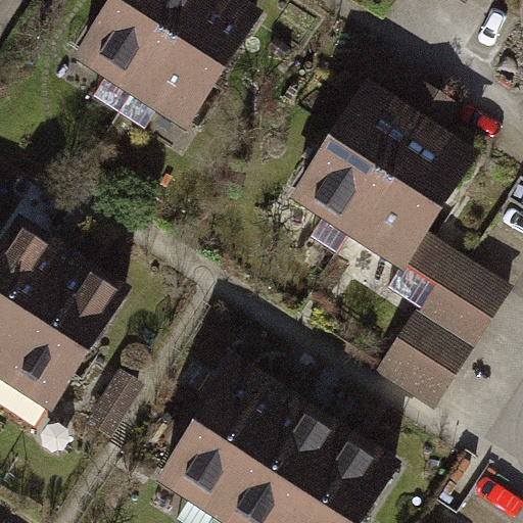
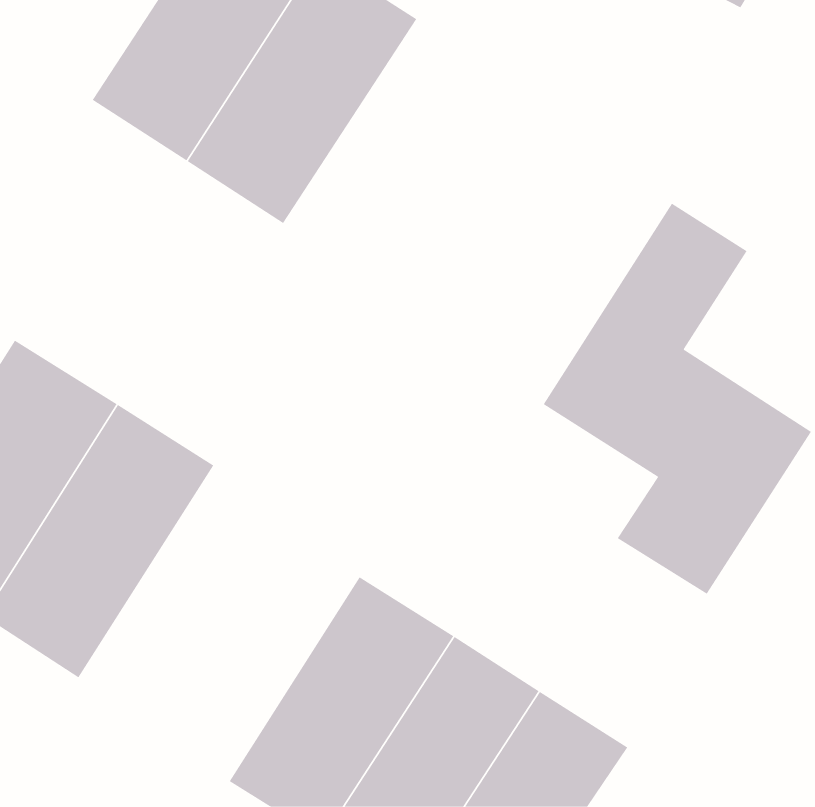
building: [274,84,426,256] -> none

